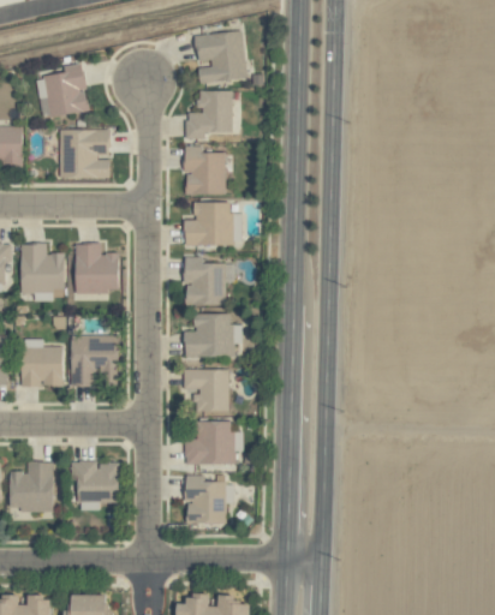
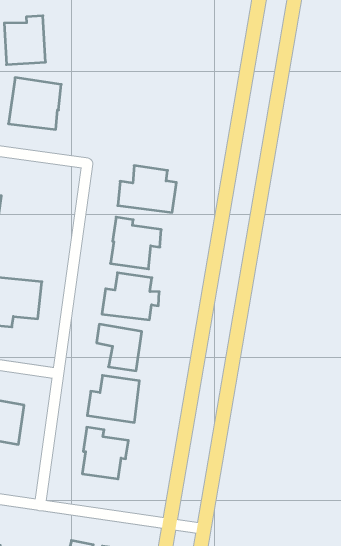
building: [196,30,248,83] -> none
building: [186,90,233,139] -> none
building: [185,145,226,195] -> none
building: [76,243,119,293] -> none

